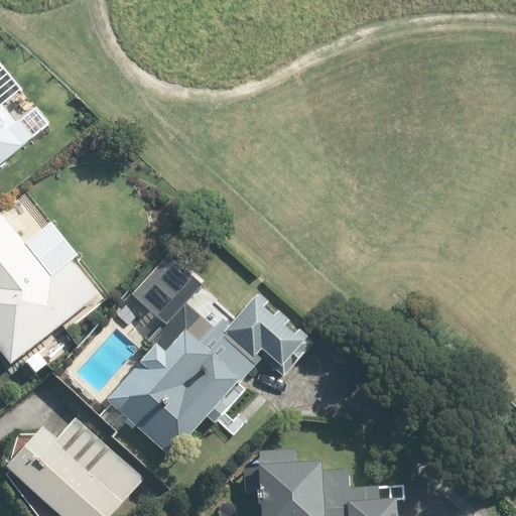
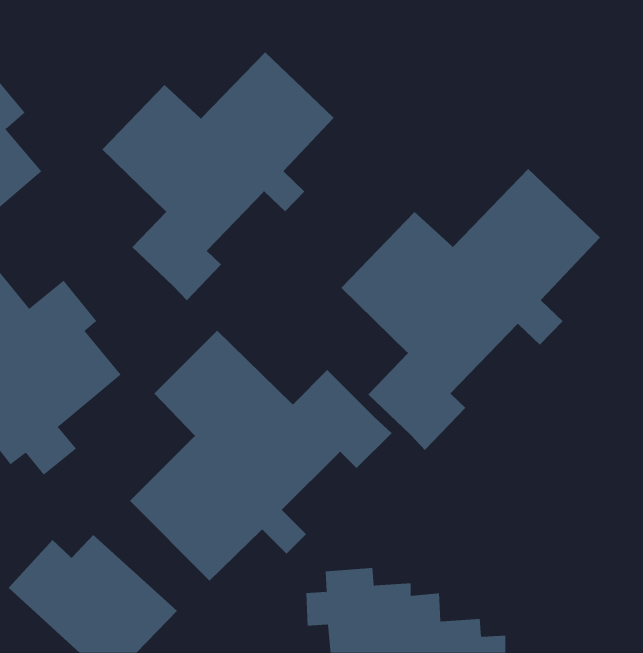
building: none -> [102,51,335,301]
building: none -> [341,168,601,451]

